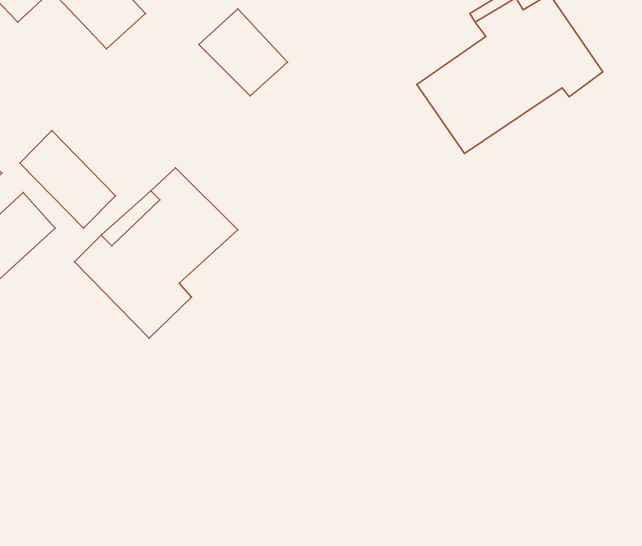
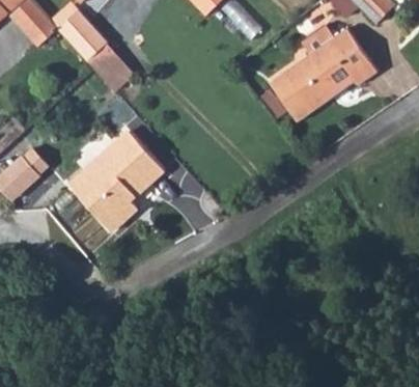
building: [199,9,288,96] -> [86,39,138,90]
building: [20,130,116,228] -> none

